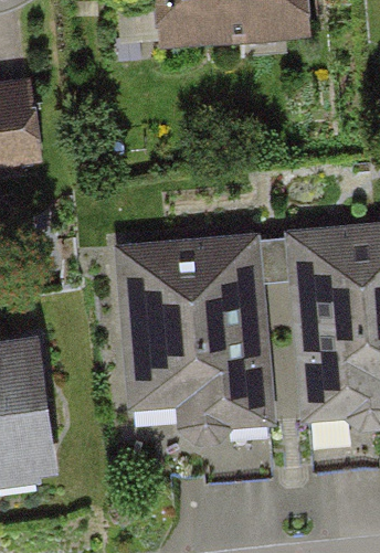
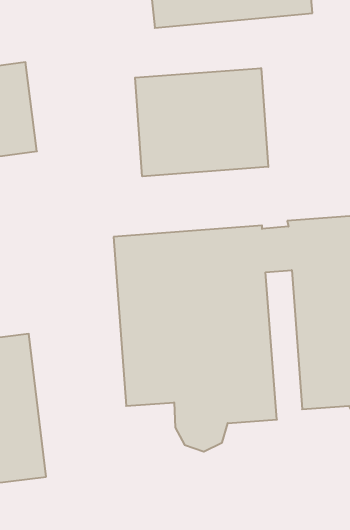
building: none -> [135,68,268,176]

